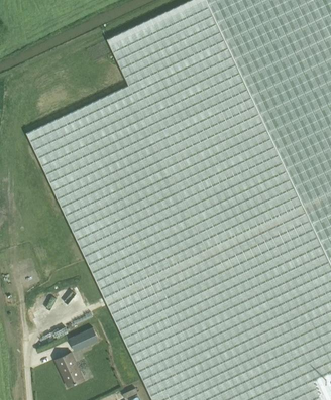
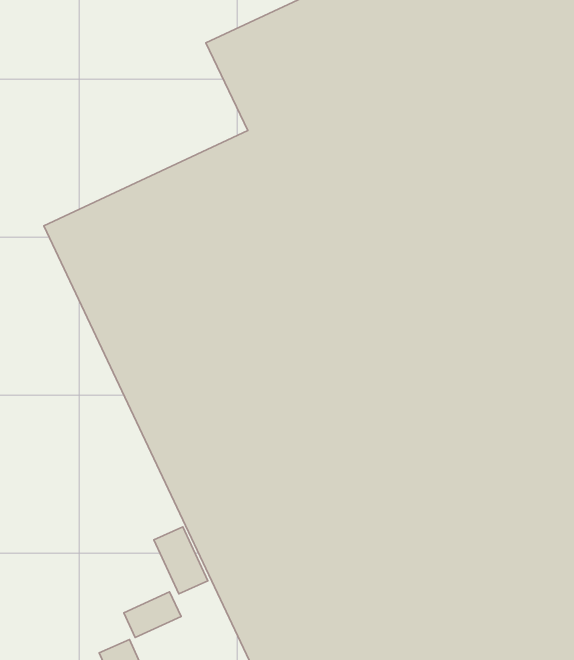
building: none -> [154,527,208,594]

